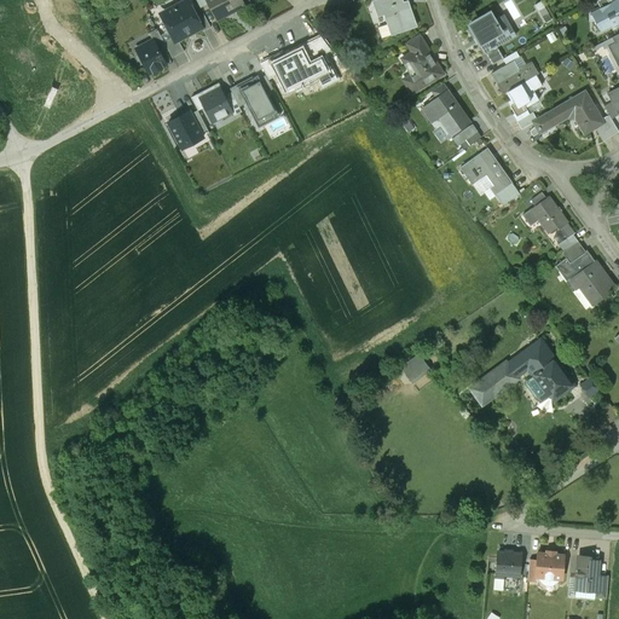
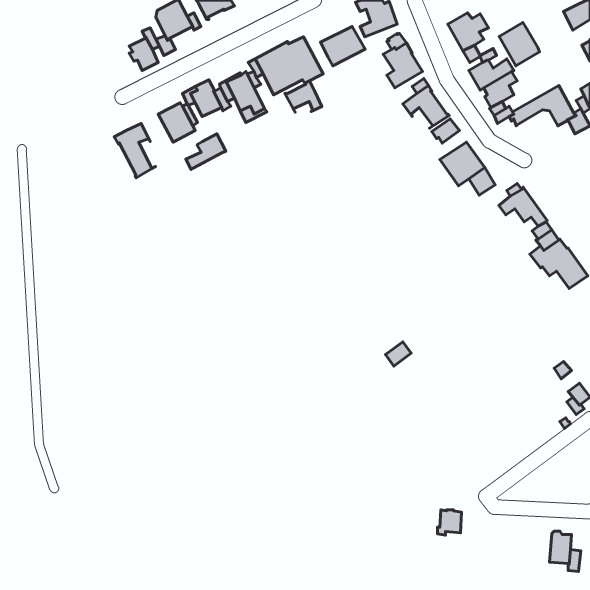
building: none -> [499,22,540,66]
building: none -> [320,27,365,66]
building: none -> [285,81,322,112]
building: none -> [114,124,155,178]
building: none -> [186,134,226,169]
building: [470,339,574,404] -> none
building: [494,551,520,578] -> [437,510,462,535]
building: [536,551,563,580] -> none

